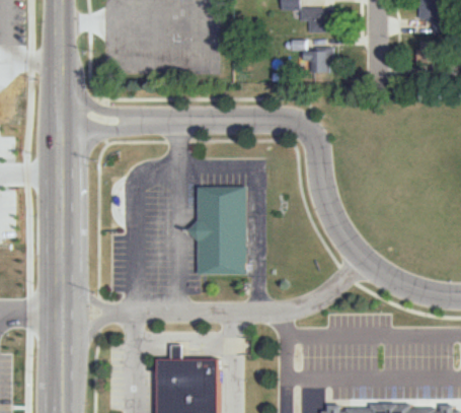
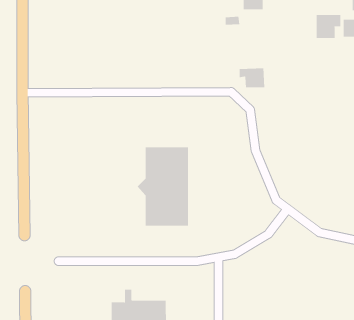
building: none -> [316,14,341,39]
building: [300,50,329,72] -> [239,68,265,88]

